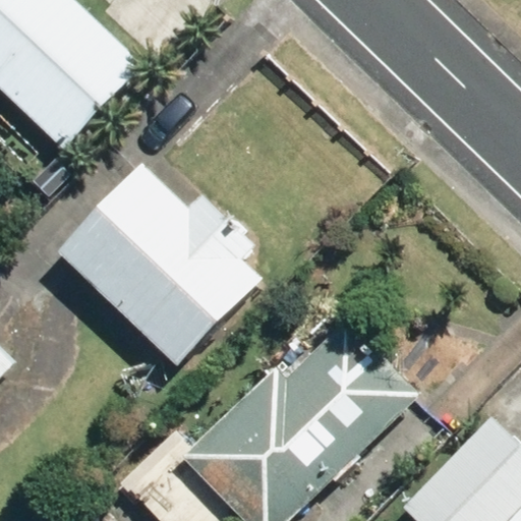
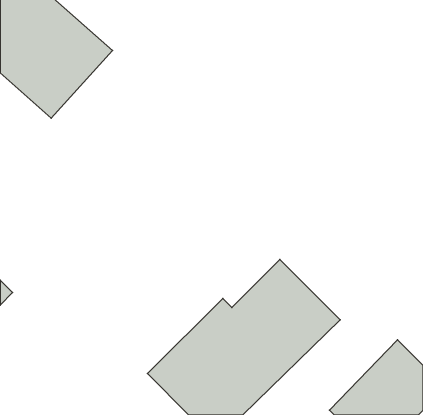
building: [58,167,259,365] -> none

